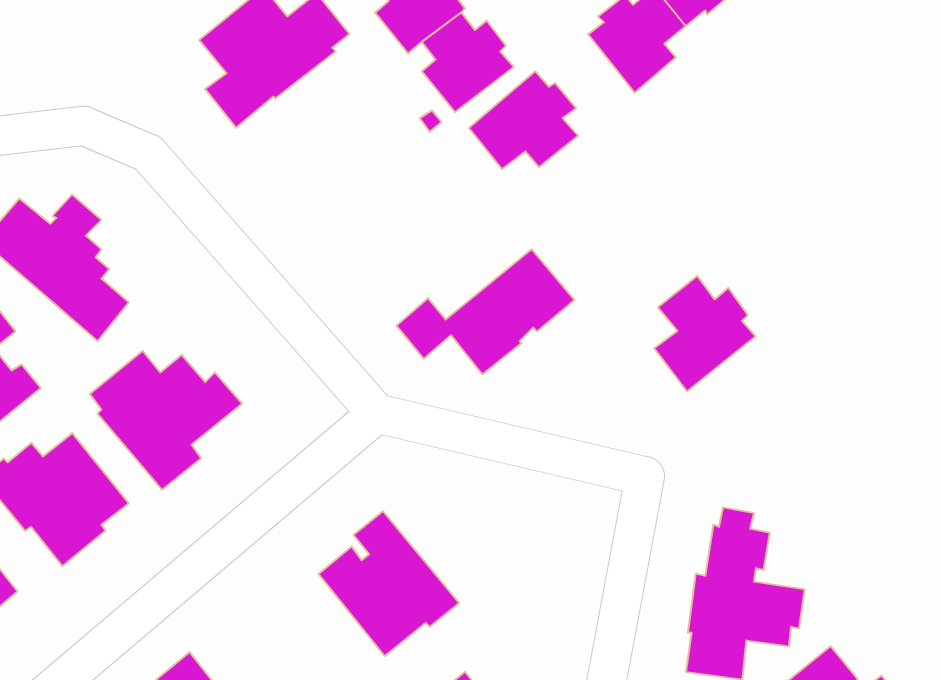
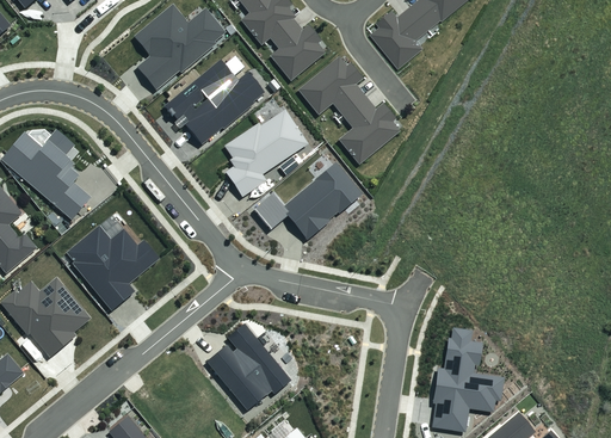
building: none -> [163,62,265,146]
building: none -> [224,111,309,199]
building: [654,276,756,391] -> [339,97,401,167]

